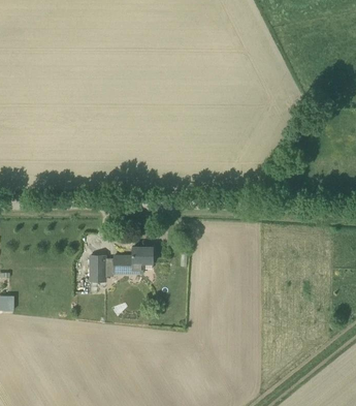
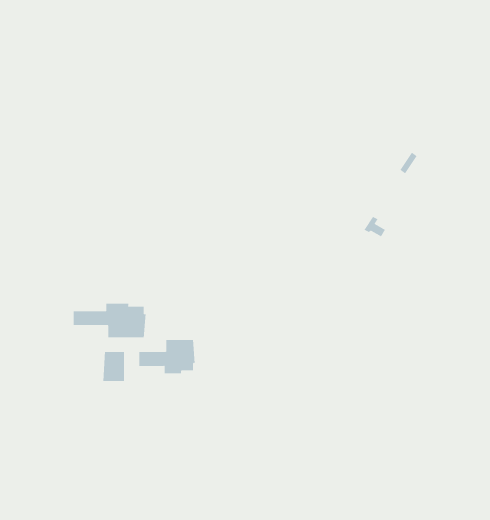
building: none -> [73,303,146,338]

